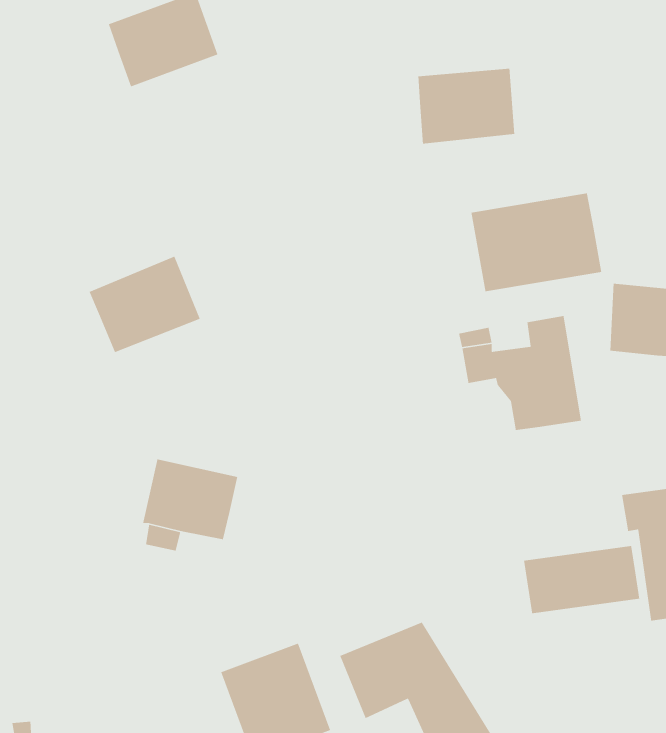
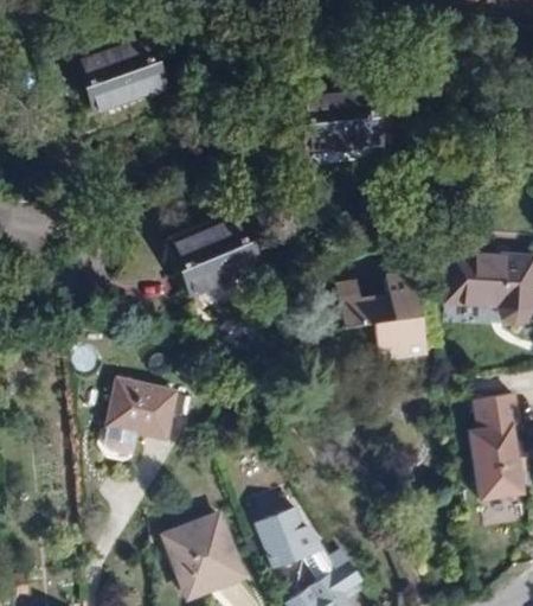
building: [470,193,602,292] -> none
building: [88,256,201,353] -> [175,221,257,292]
building: [523,545,640,614] -> none

